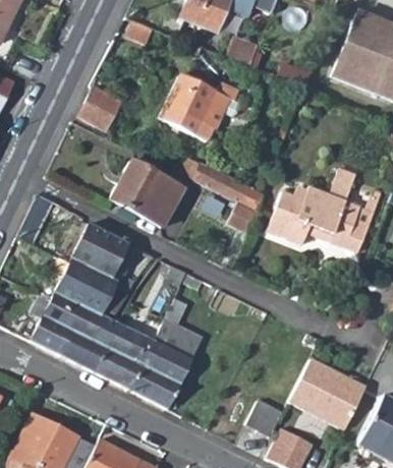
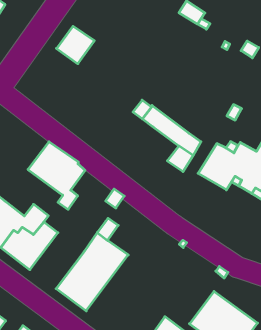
building: [162,75,240,139] -> none
building: [112,161,184,226] -> none
building: [51,256,127,313] -> none
building: [96,326,154,390] -> none

